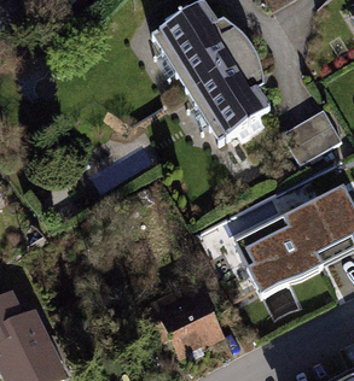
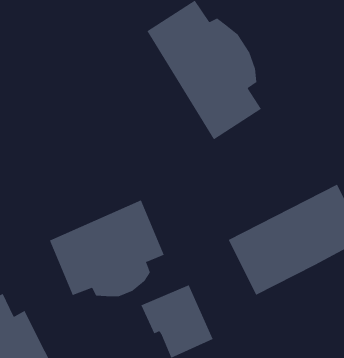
building: [284,109,341,160] -> none
building: none -> [49,200,165,297]

